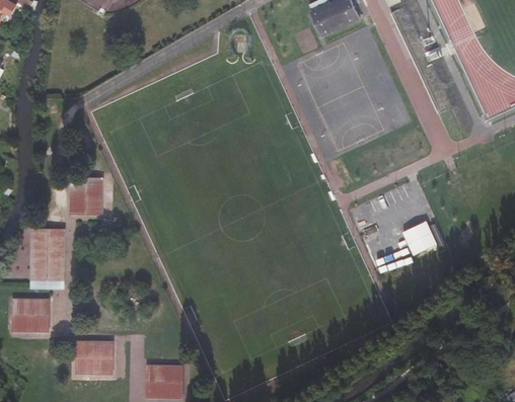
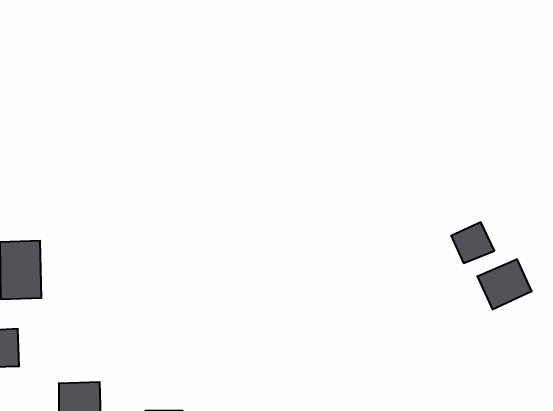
building: [69,182,100,216] -> none
building: none -> [477,259,532,310]

